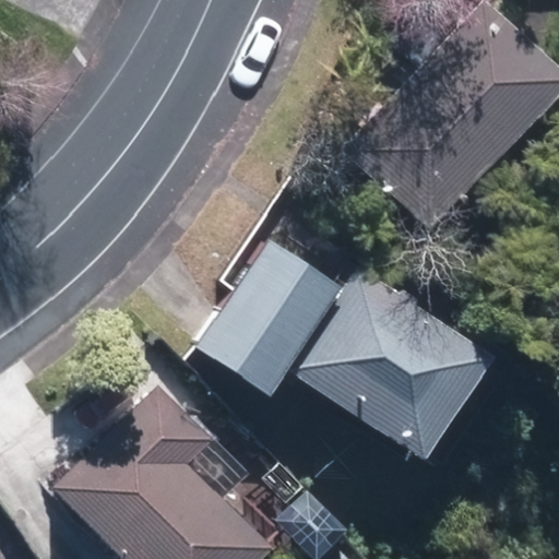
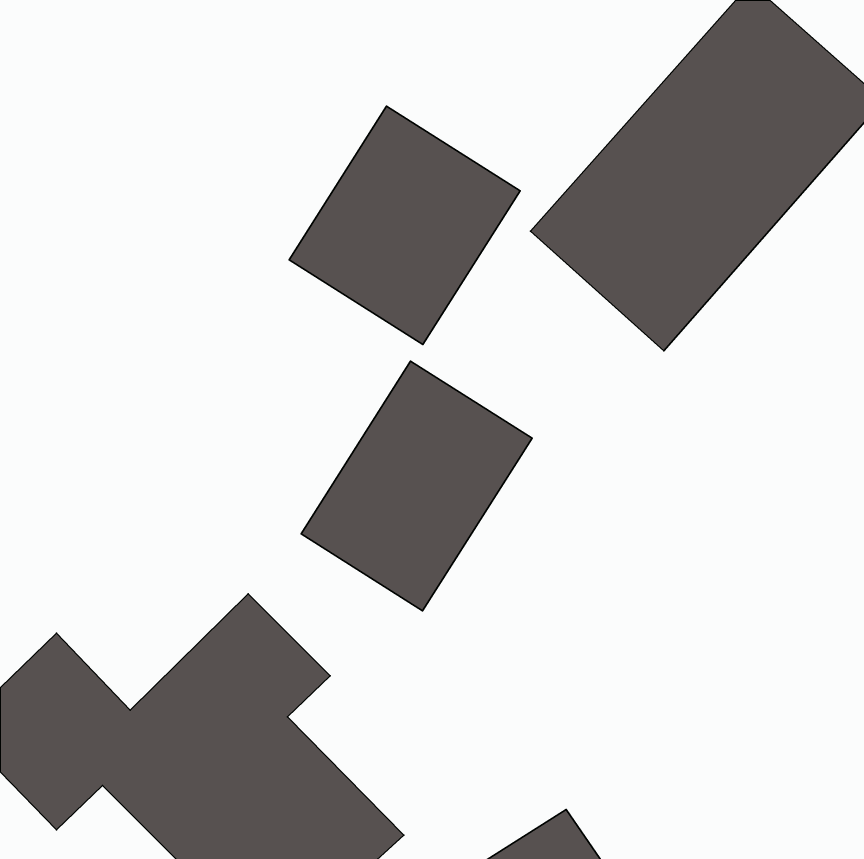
building: none -> [289,106,520,344]
building: [299,260,501,459] -> none

